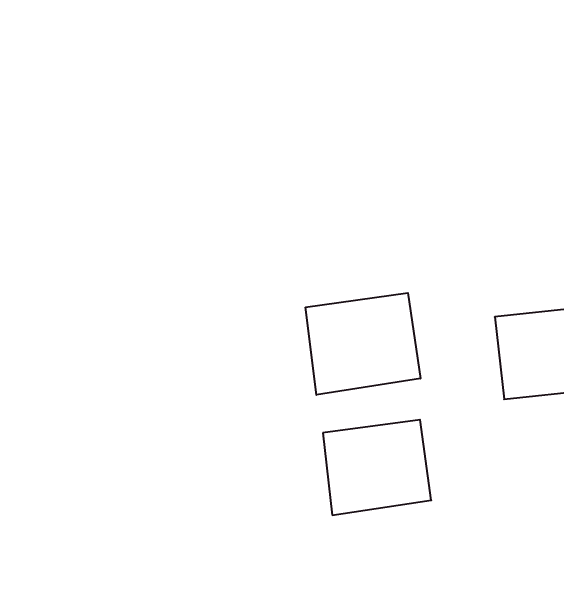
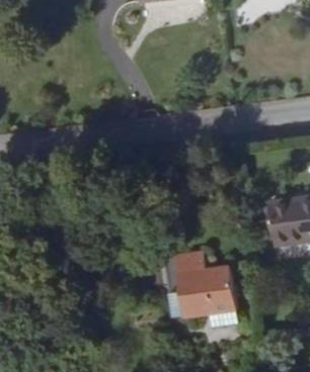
building: [306,293,420,395] -> none

